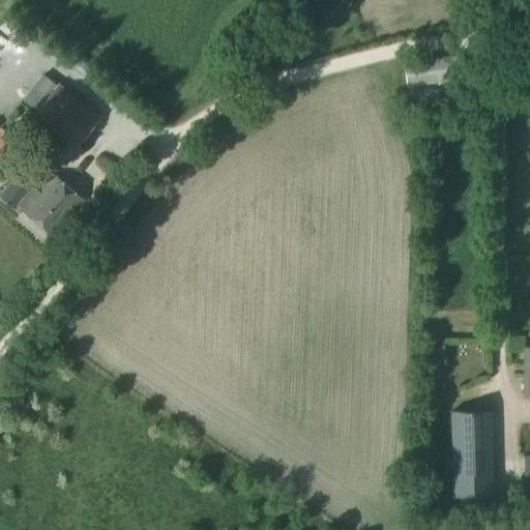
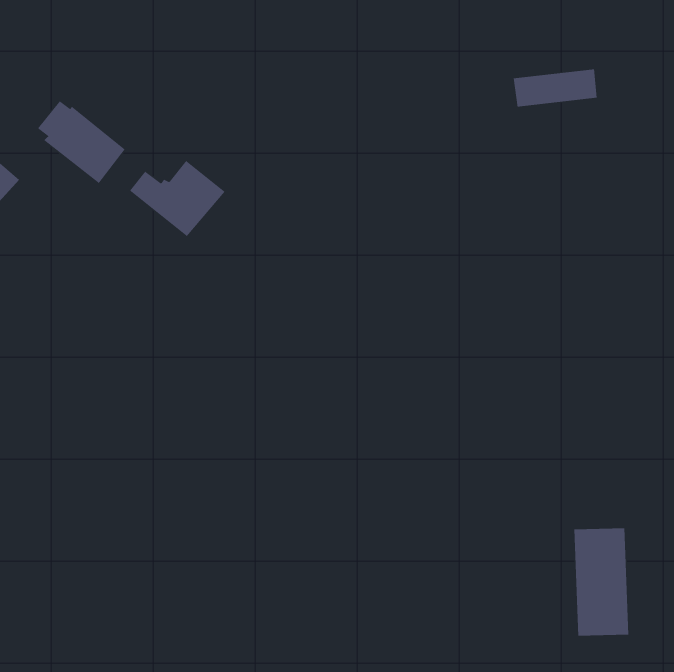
building: [6,173,82,233] -> [129,160,226,237]

